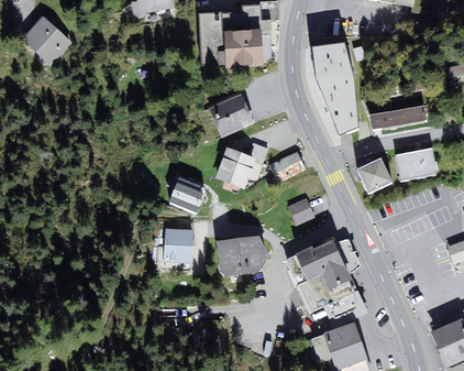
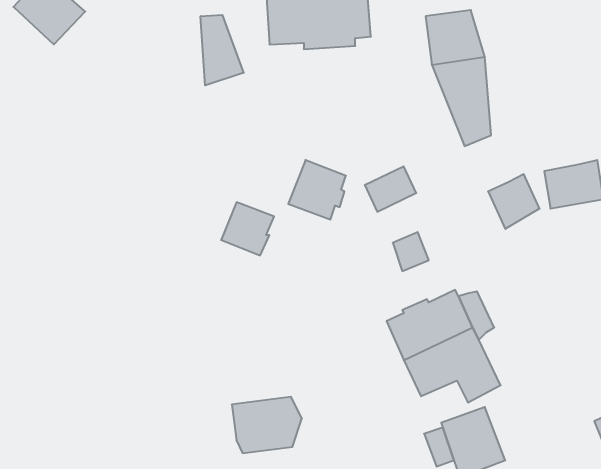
building: none -> [201,15,244,85]
building: [211,98,255,138] -> none
building: [368,103,426,130] -> none
building: [163,228,192,263] -> none
building: [217,236,266,275] -> [232,397,302,453]

